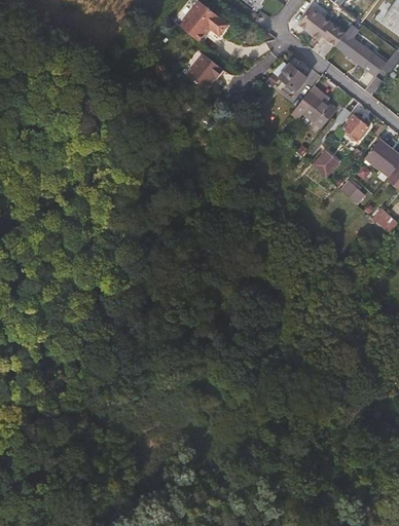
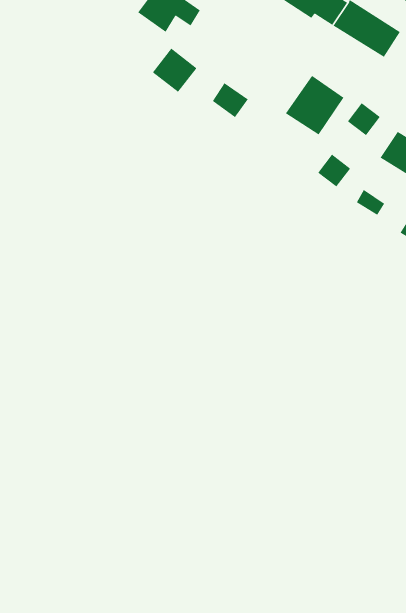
building: [279,59,309,88] -> [212,82,249,118]

